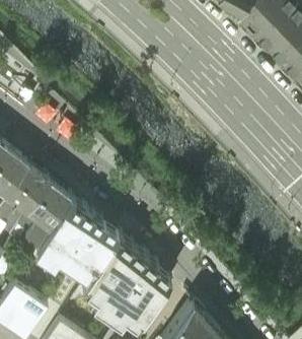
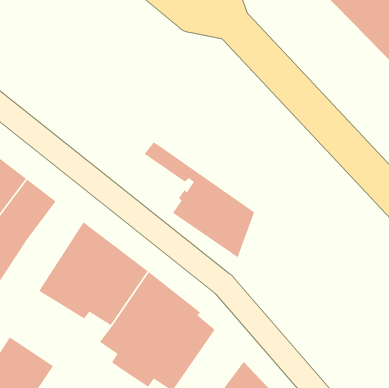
building: none -> [144,142,255,258]
building: [24,183,69,247] -> none

